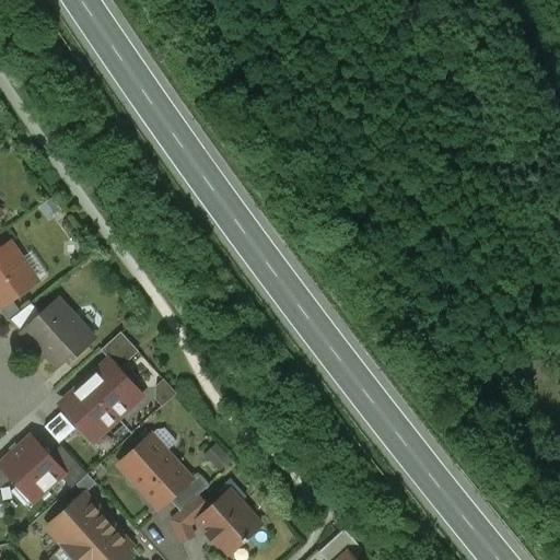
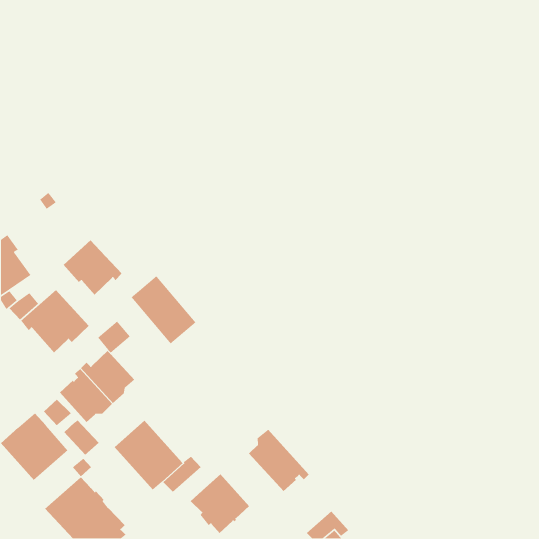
building: none -> [63,239,123,295]
building: none -> [131,275,196,344]
building: none -> [63,419,99,456]
building: none -> [248,429,310,492]
building: [172,499,209,545] -> none

